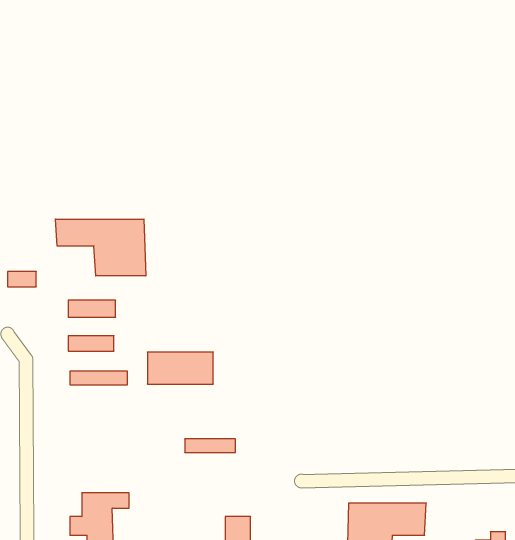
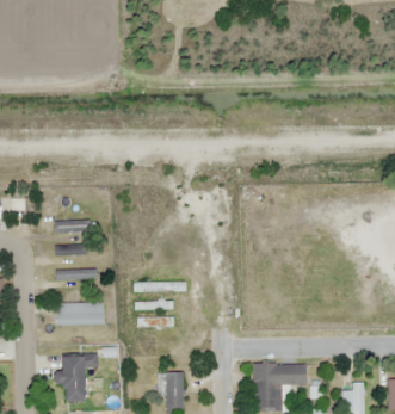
building: [55,219,146,276] -> none
building: [147,352,213,384] -> [56,303,103,326]

